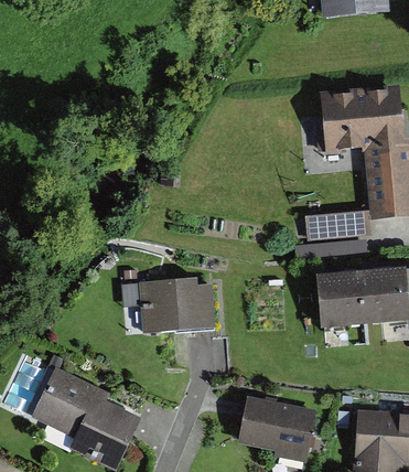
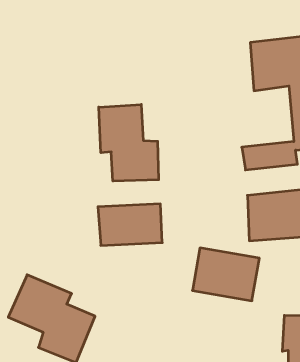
building: none -> [99,104,159,181]
building: [241,396,320,458] -> [192,248,259,301]

